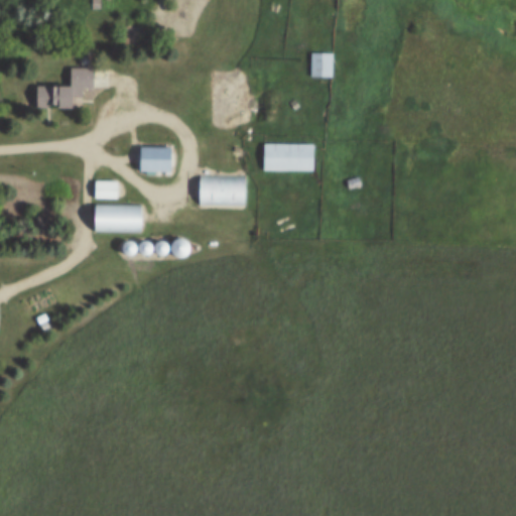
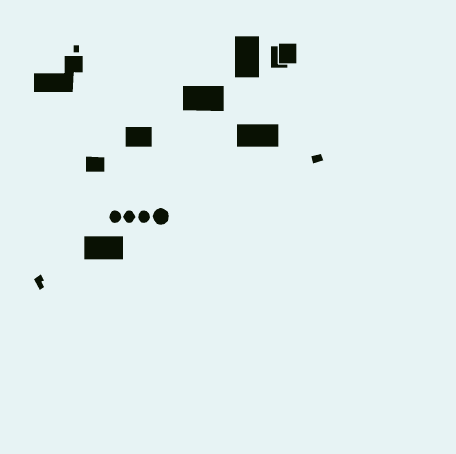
building: none -> [235,36,259,78]
building: [201,175,248,205] -> [182,85,224,111]
building: [96,204,141,231] -> [83,236,124,260]

